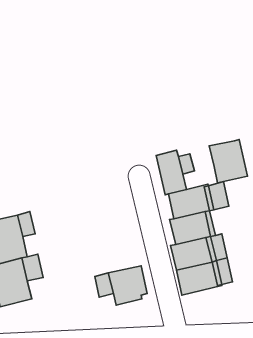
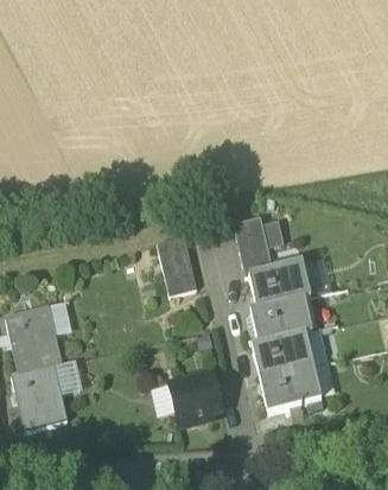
building: [209,139,247,183] -> none
building: none -> [157,237,197,295]

